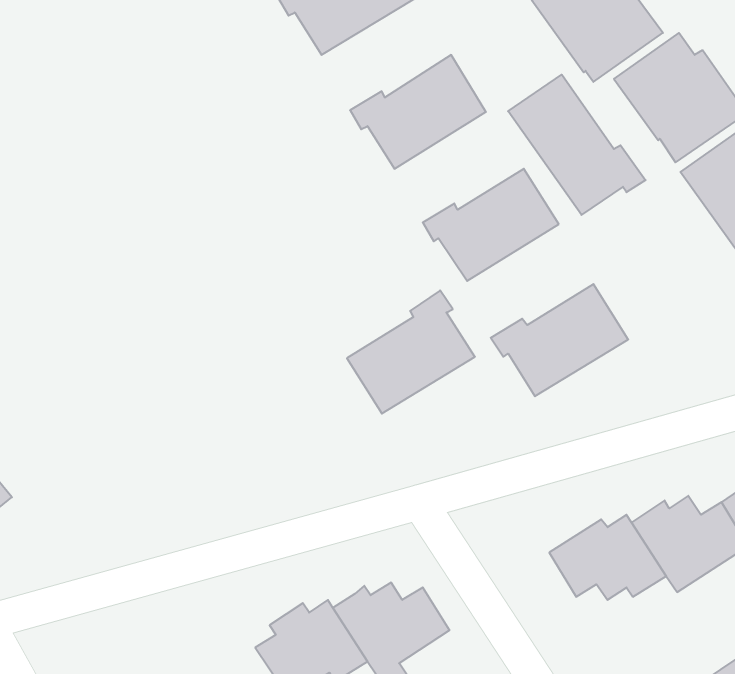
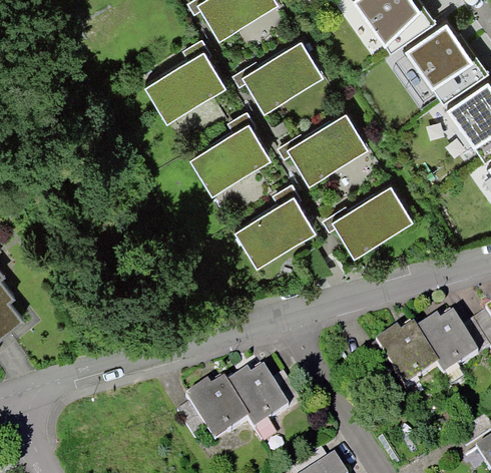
building: none -> [144,45,225,122]
building: [508,75,646,215] -> none
building: none -> [190,117,271,195]

